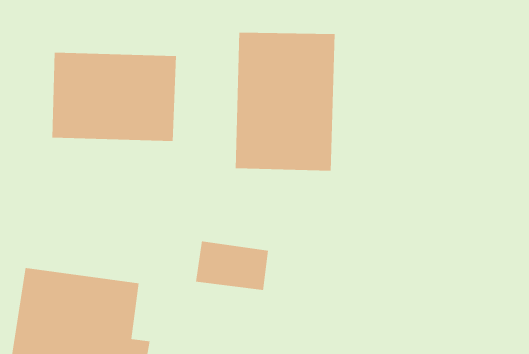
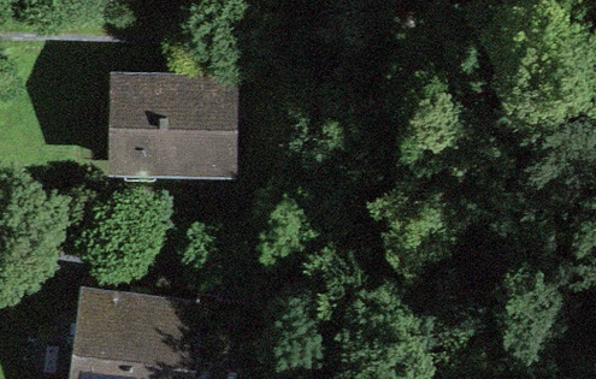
building: [235,32,335,172] -> none

